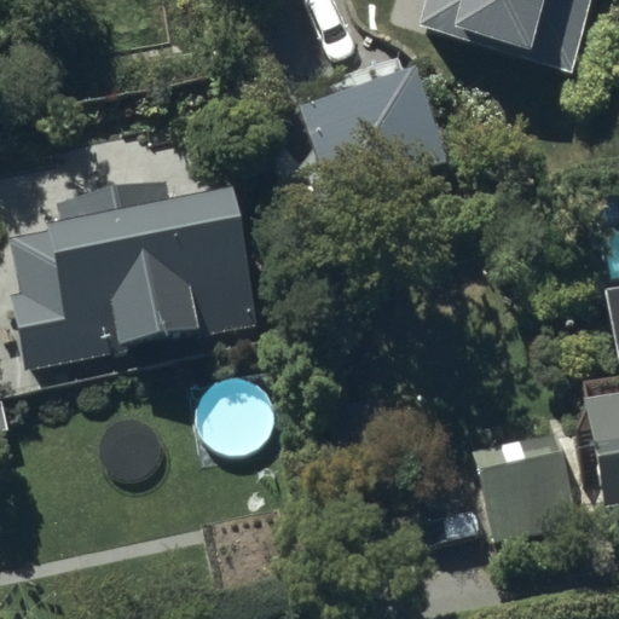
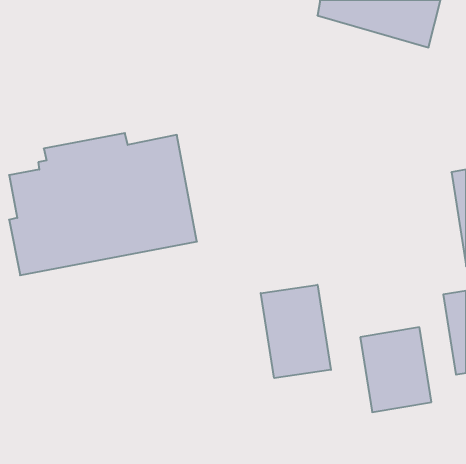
building: [299,59,449,195] -> none
building: none -> [261,285,331,378]

